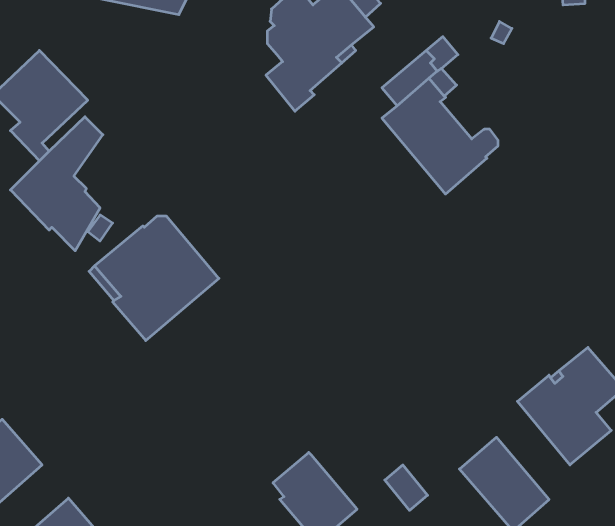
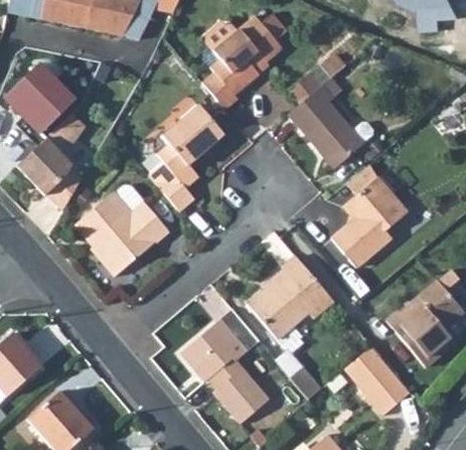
building: none -> [149,105,224,210]
building: none -> [332,165,407,267]
building: none -> [248,255,334,339]
building: none -> [180,308,260,383]

